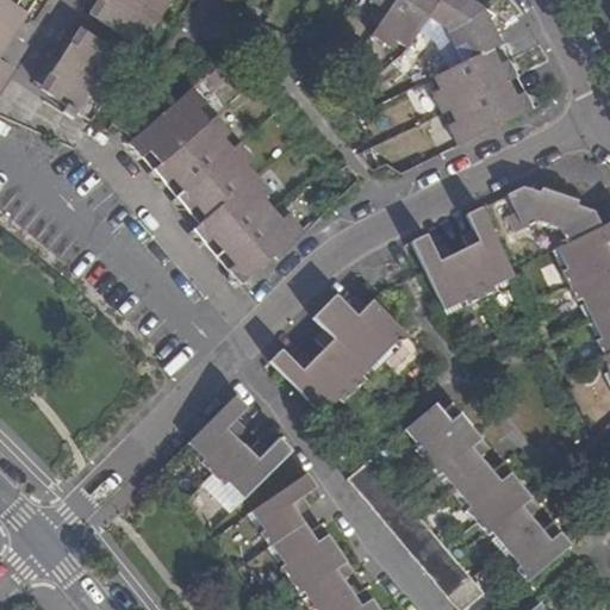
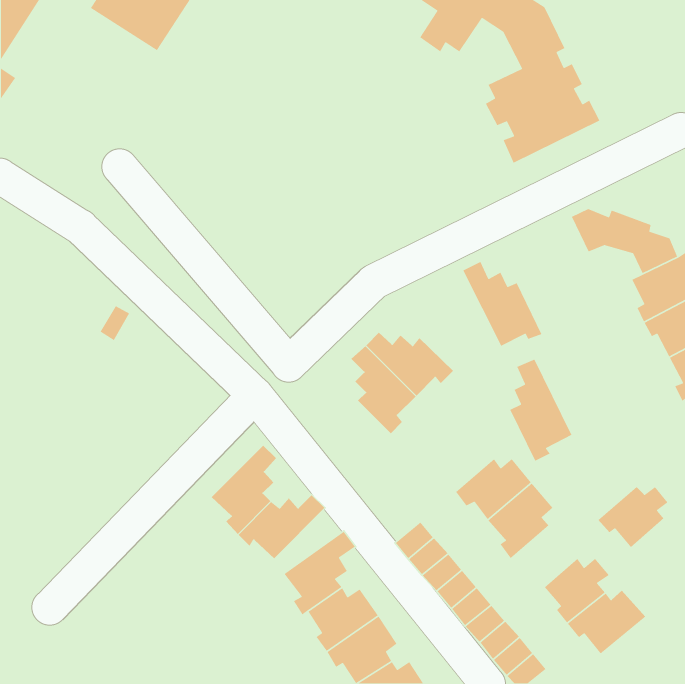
building: [33,23,132,119] -> none
building: [130,86,306,282] -> none
building: [460,205,516,297] -> [509,359,572,462]
building: [268,349,348,407] -> none
building: [454,466,517,521] -> [597,486,669,548]

